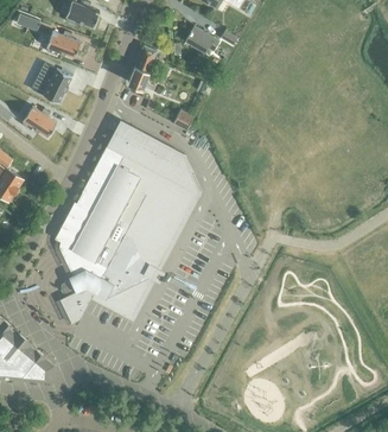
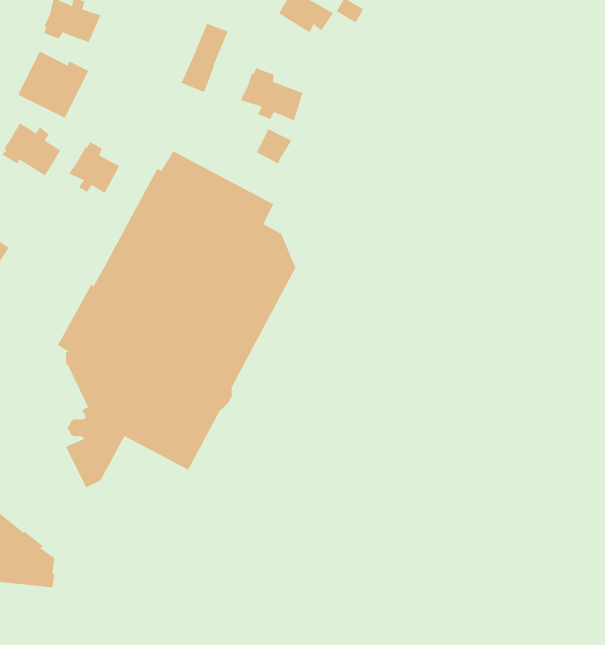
building: none -> [240,67,303,121]
building: none -> [68,141,120,194]

